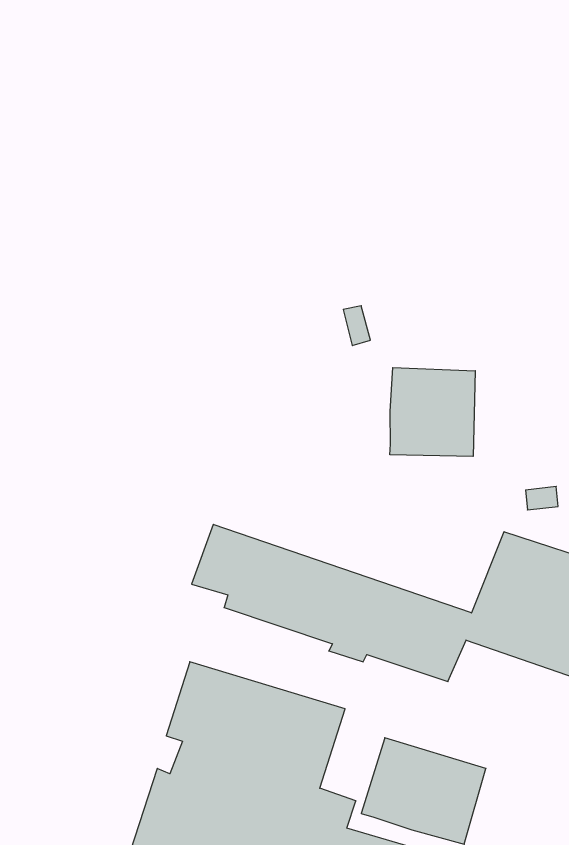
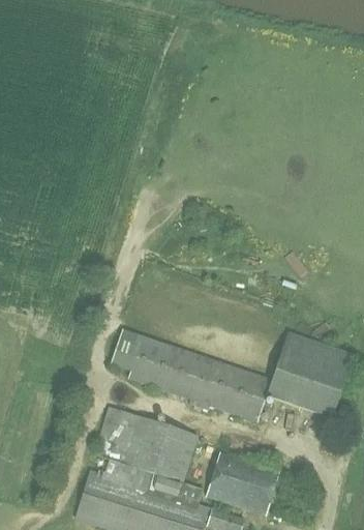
building: [390,368,475,456] -> none

